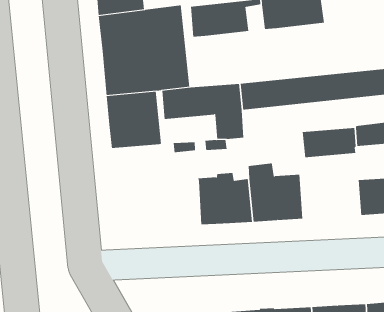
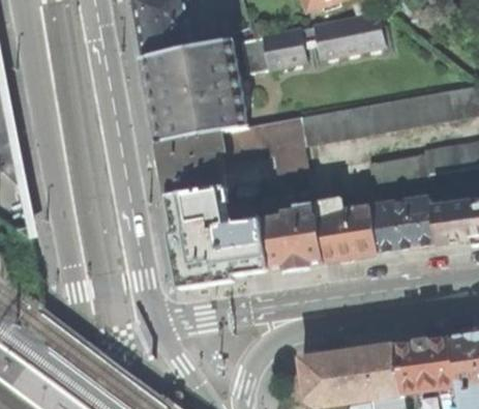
building: none -> [169,186,269,286]
building: none -> [369,196,437,252]

